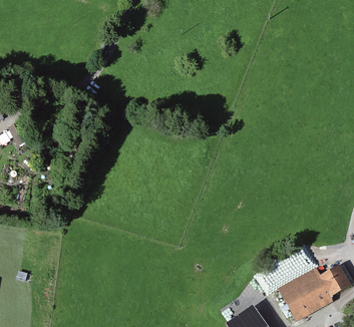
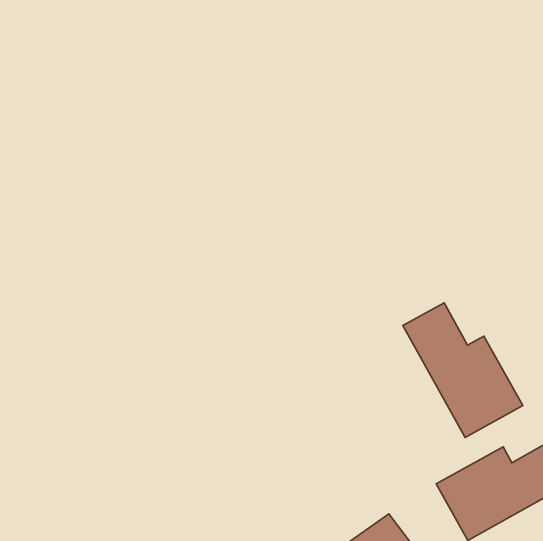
building: none -> [403,303,523,437]

